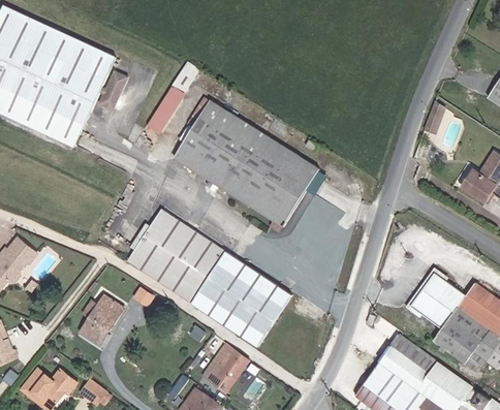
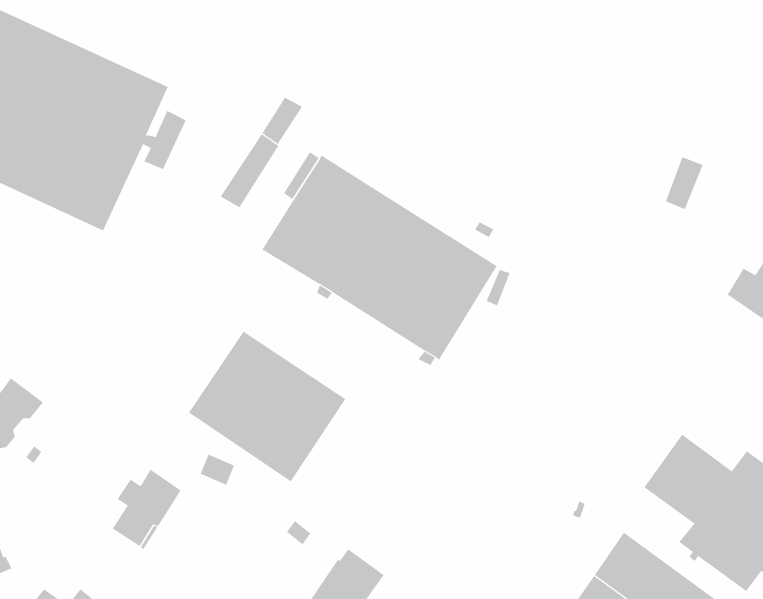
building: [191,251,291,346] -> none

